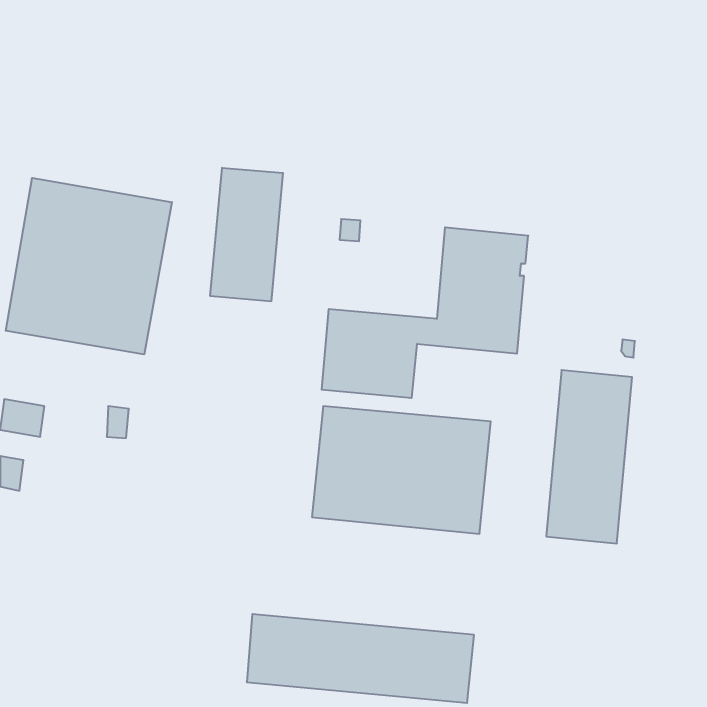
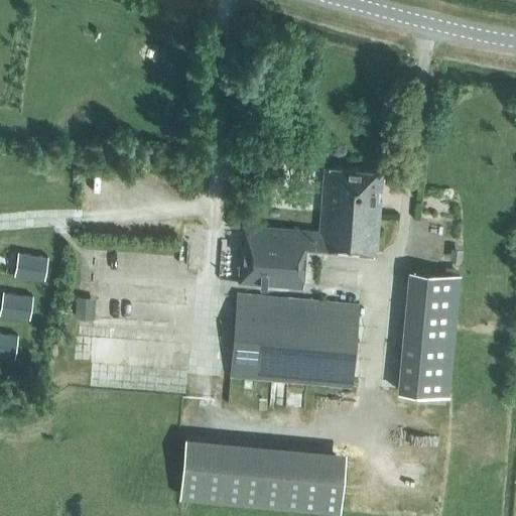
building: [210,168,283,301] -> none
building: [6,178,172,354] -> none
building: none -> [16,252,48,279]

